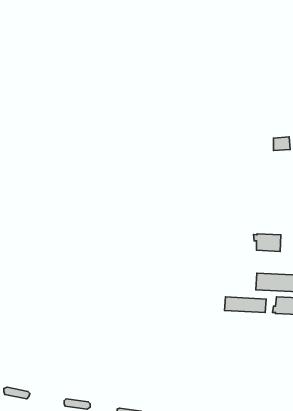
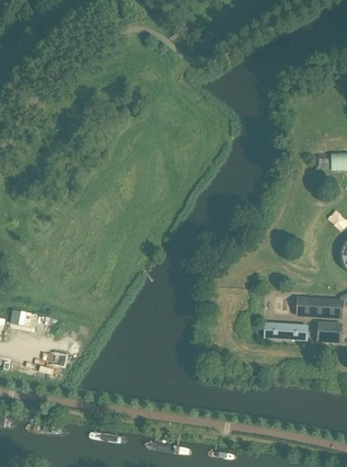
building: [254,234,281,251] -> none

